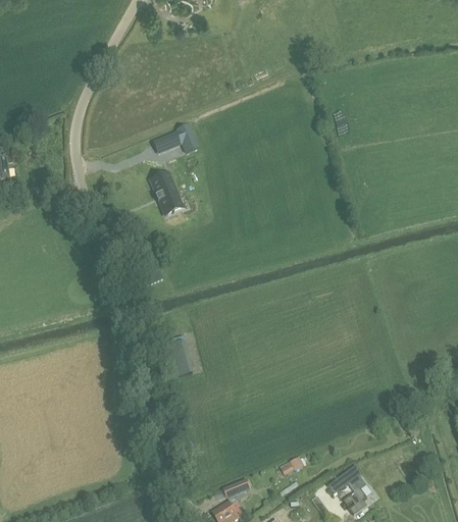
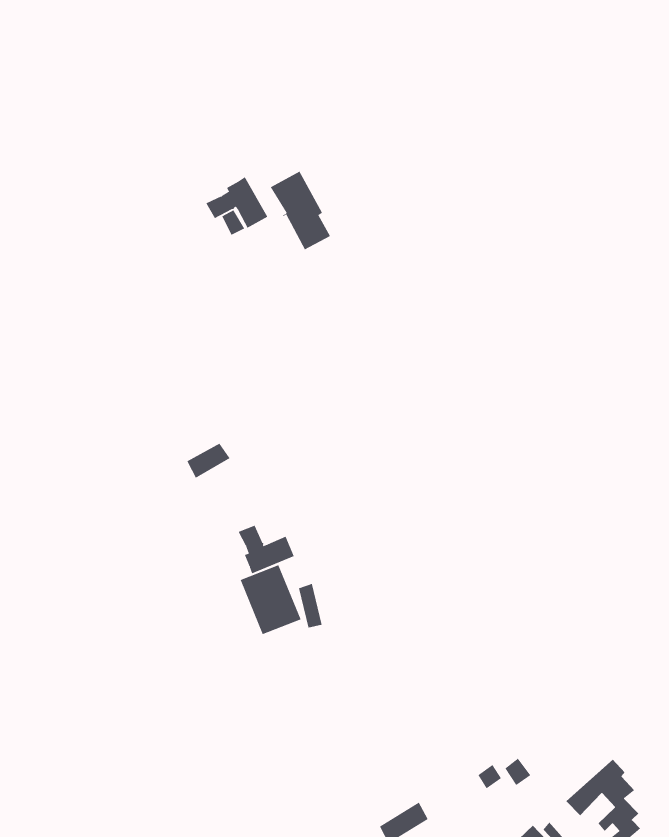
building: [149,171,180,215] -> [270,171,331,250]
building: none -> [238,525,295,574]

